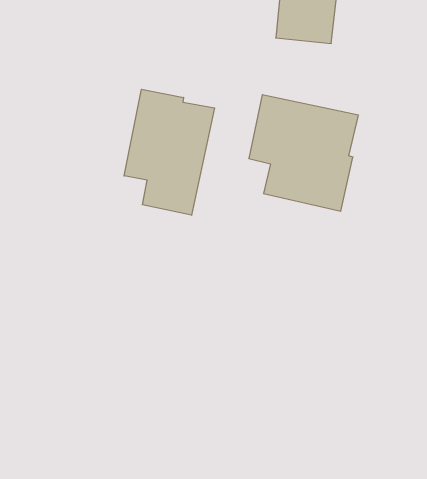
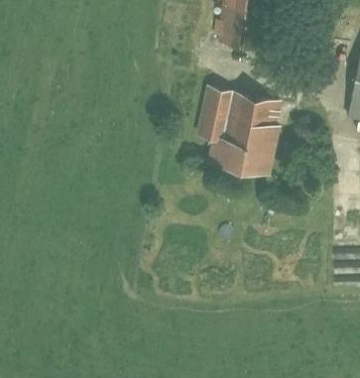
building: [124,89,215,215] -> none

